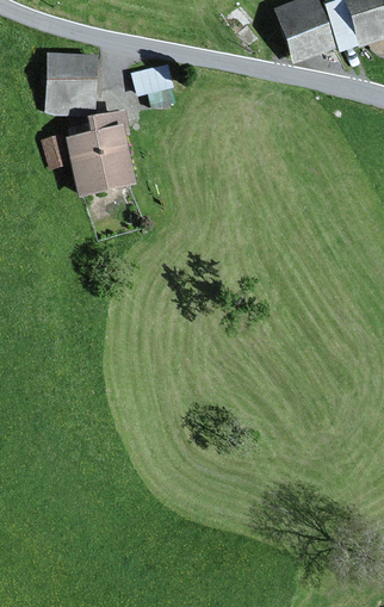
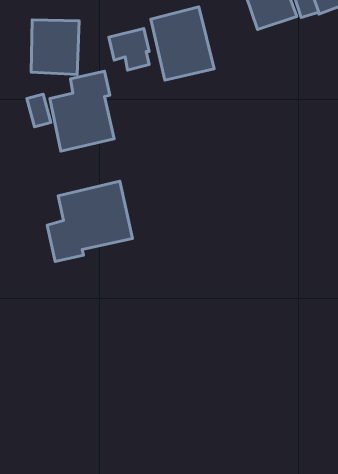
building: none -> [151,7,214,80]
building: none -> [47,181,133,261]

